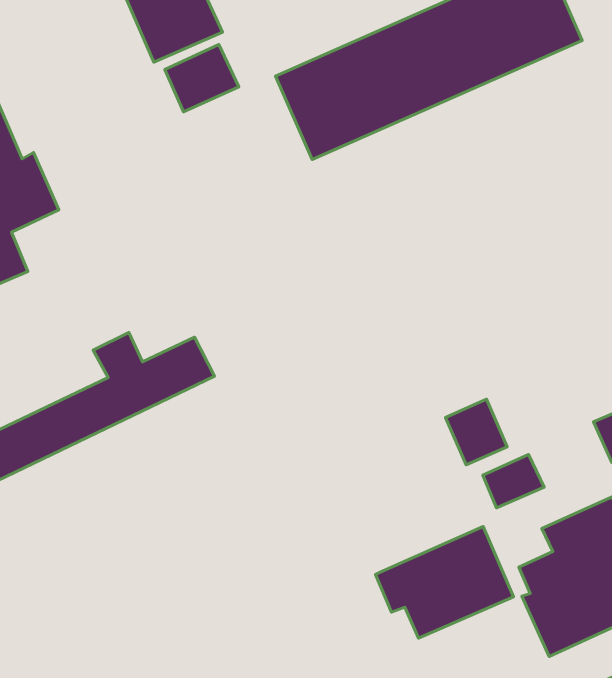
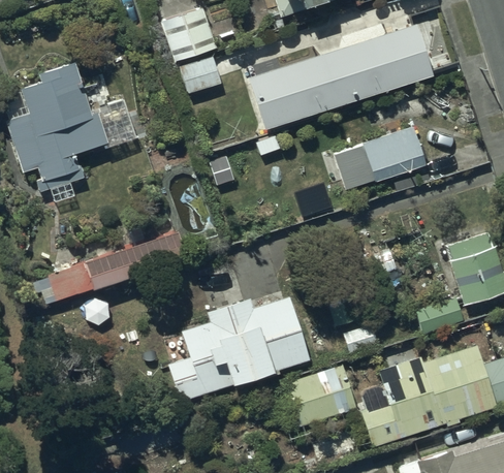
building: none -> [335,127,429,191]
building: none -> [167,294,311,401]

